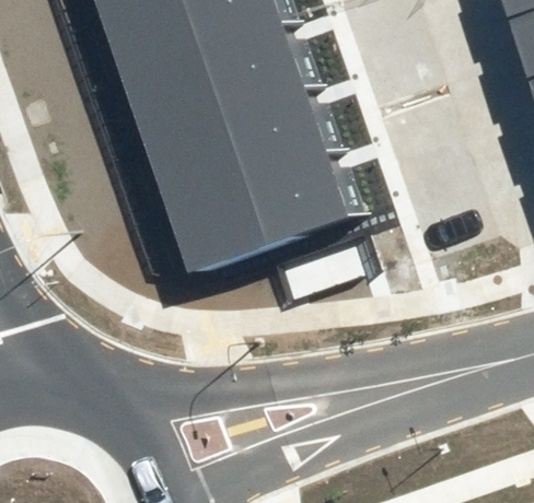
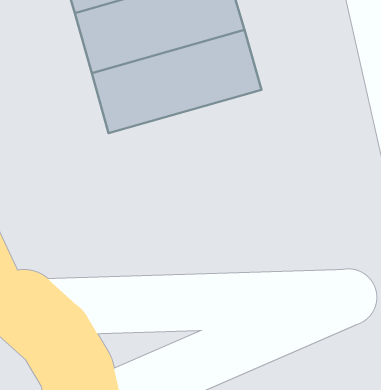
building: [169,150,357,273] -> none

